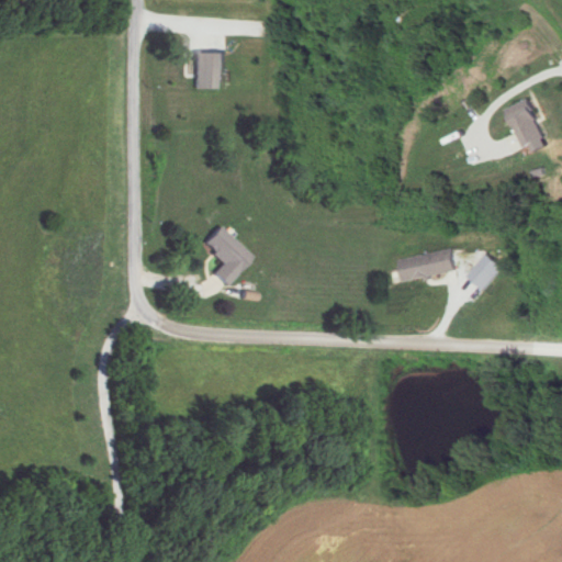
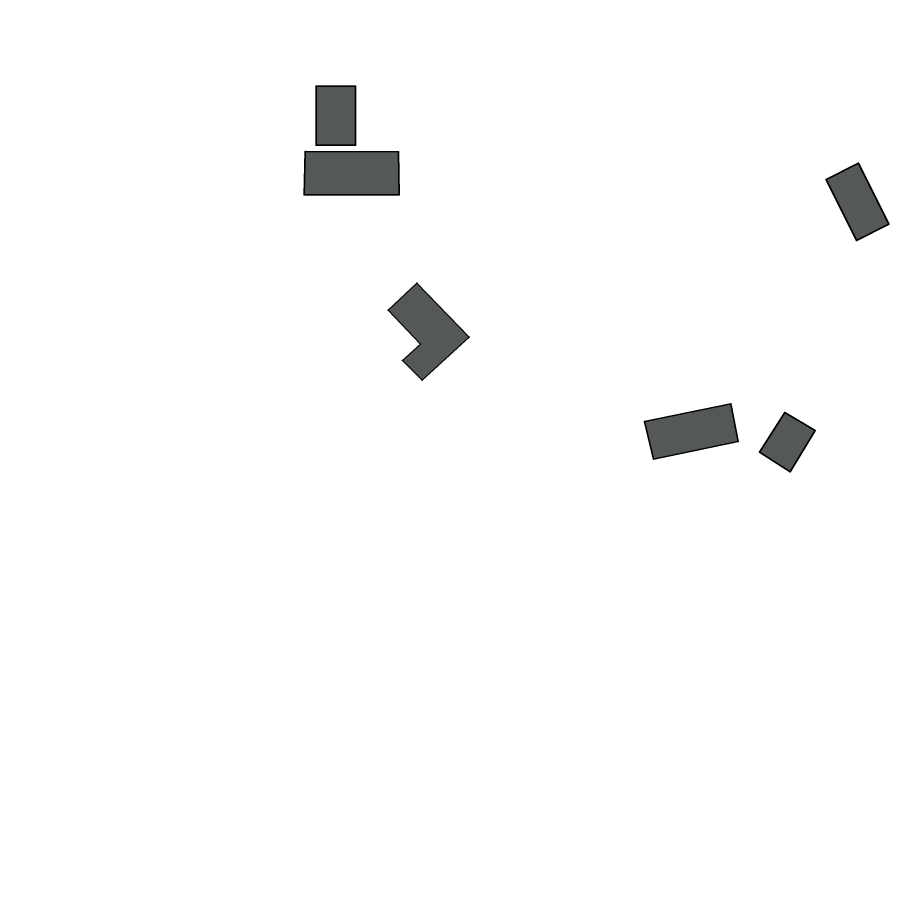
building: none -> [304,152,399,195]
building: [204,225,254,284] -> [388,283,469,380]

